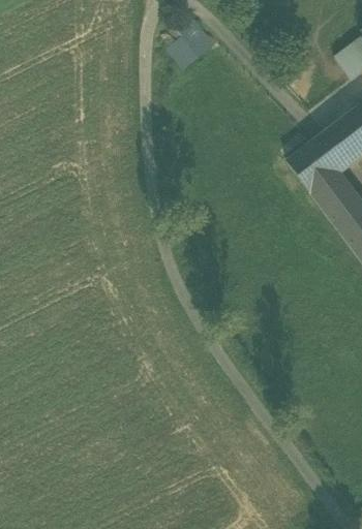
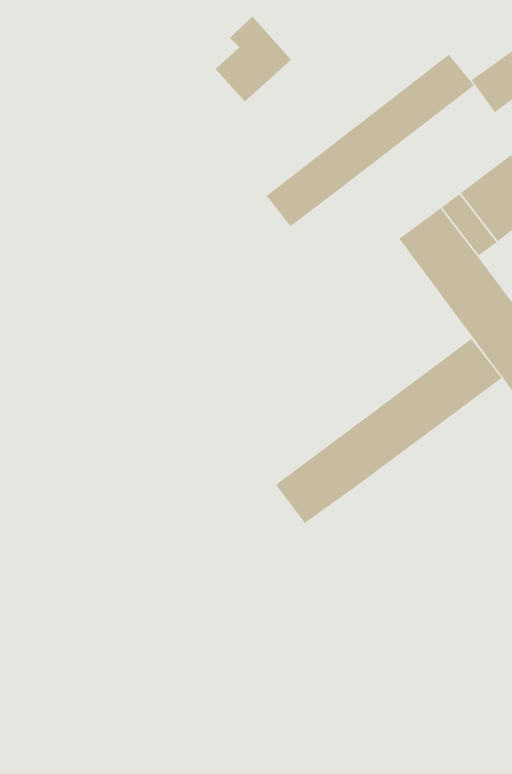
building: none -> [266,54,475,227]
building: none -> [275,338,502,524]

